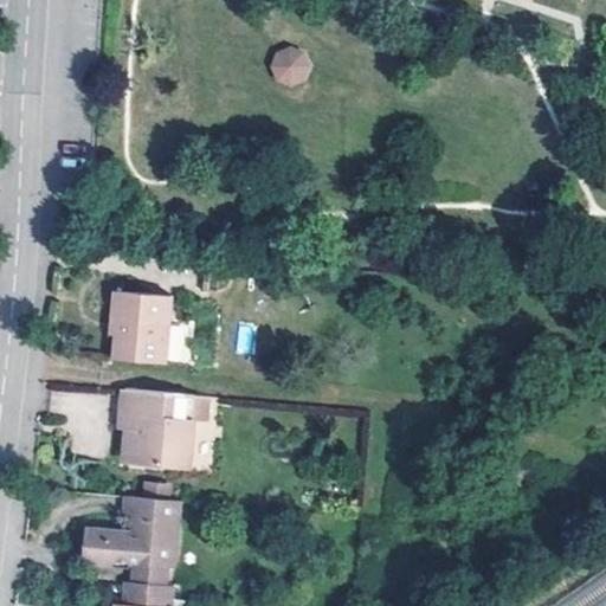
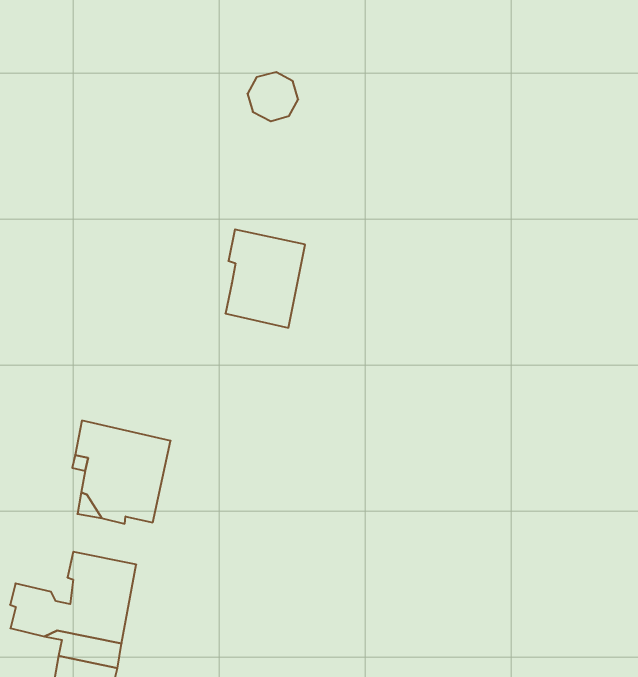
building: [265,46,307,86] -> [247,72,298,121]
building: [111,290,172,365] -> [225,229,305,328]

